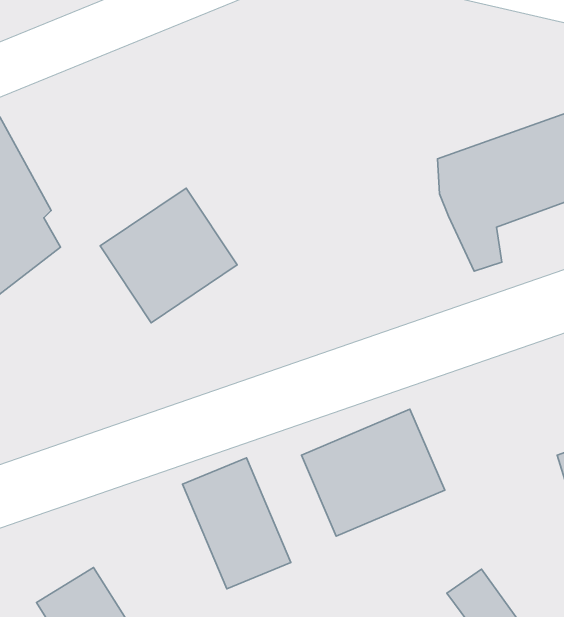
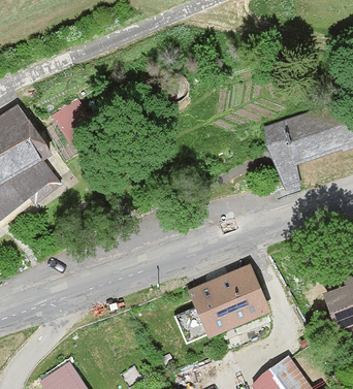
building: [100,188,237,323] -> none
building: [182,458,291,589] -> none

